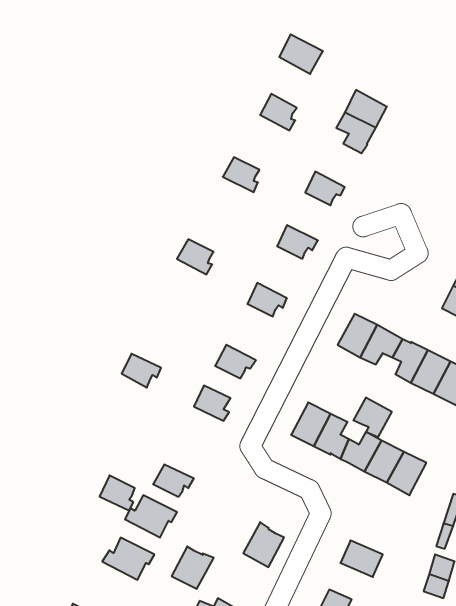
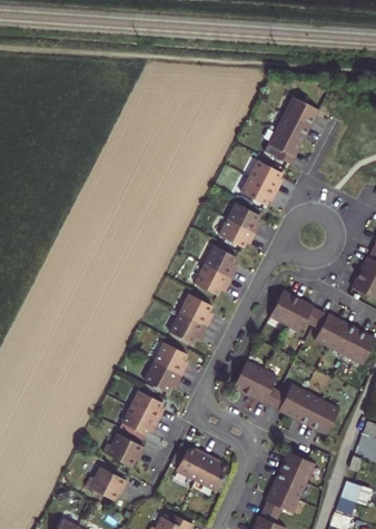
building: [279,34,323,74] -> [284,96,318,127]
building: [260,94,297,130] -> [251,161,280,190]
building: [223,157,259,192] -> [229,205,258,233]
building: [177,239,214,274] -> [206,251,235,278]
building: none -> [181,298,209,327]
building: [122,354,161,388] -> [148,364,179,391]
building: [353,397,392,437] -> none
building: [100,475,135,511] -> [132,393,160,421]
building: none -> [279,452,314,481]
building: [172,546,214,589] -> [175,447,208,480]
building: none -> [263,488,297,517]

